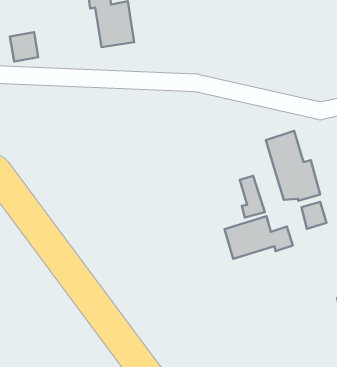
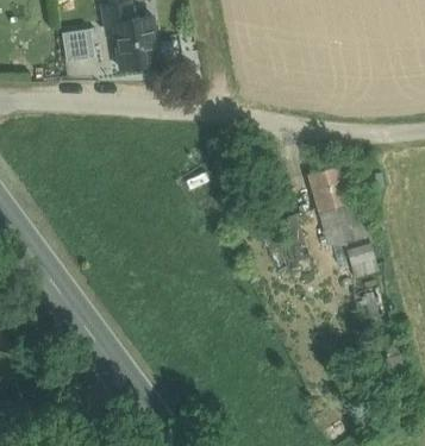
building: [10,32,38,61] -> [60,29,92,62]
building: [224,216,293,259] -> none

